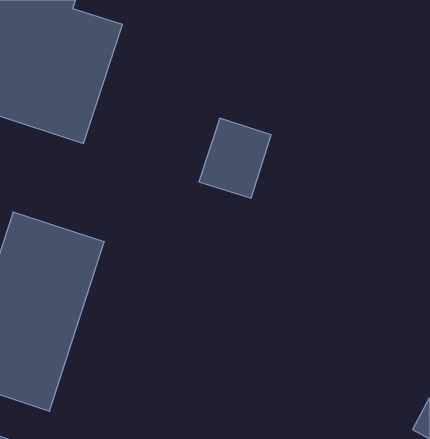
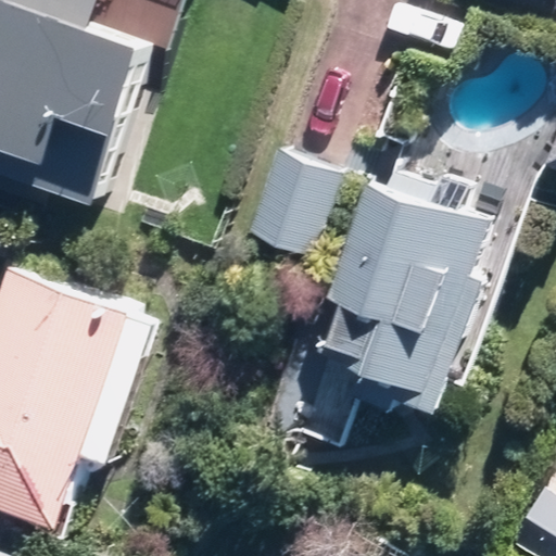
building: none -> [323,194,482,403]

